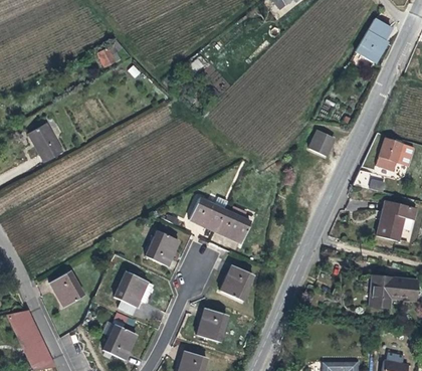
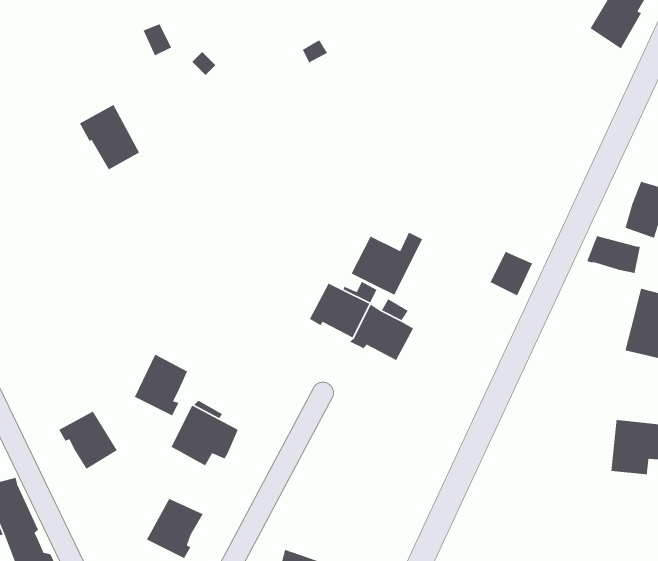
building: [30,123,65,161] -> [79,104,140,171]
building: [309,131,335,157] -> [489,251,533,296]
building: none -> [351,231,423,296]
building: [149,227,180,263] -> [134,354,188,417]
building: [224,267,255,303] -> none
building: [198,307,228,342] -> none

